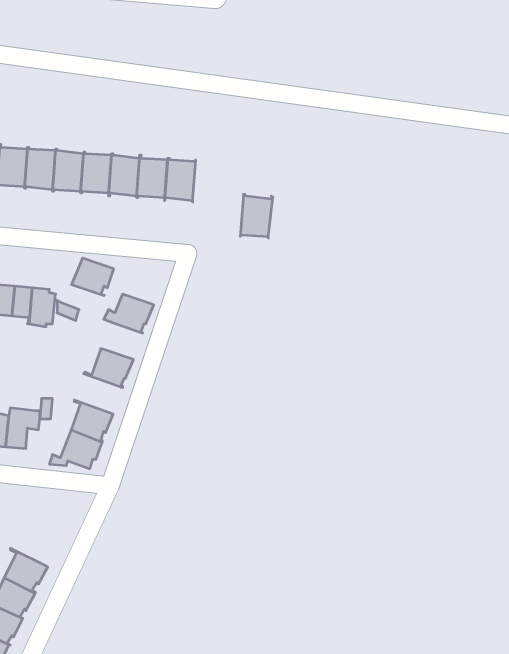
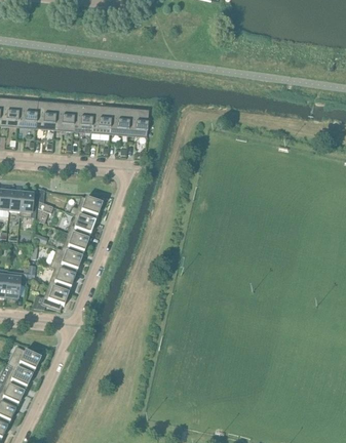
building: [240,194,273,238] -> [127,108,149,136]
building: [72,258,114,295] -> [67,214,94,239]
building: none -> [49,248,81,275]
building: none -> [7,346,40,375]

